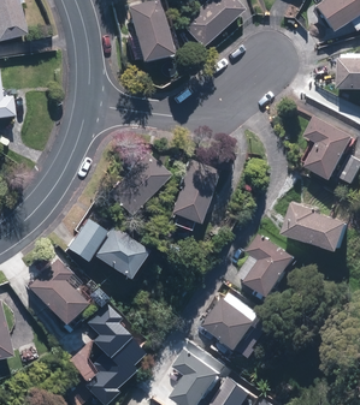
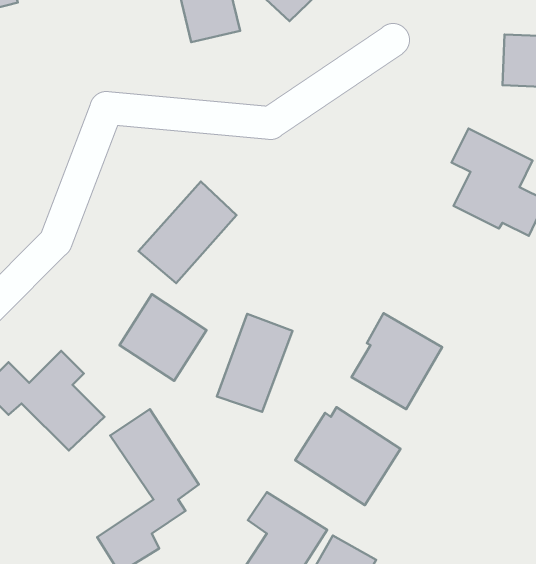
building: [169,159,217,221] -> [217,314,292,412]
building: [283,204,350,250] -> none
building: [65,218,106,261] -> none

